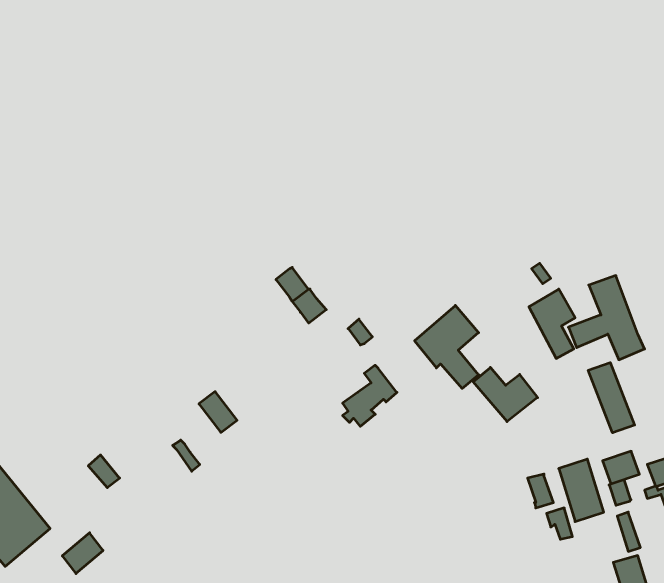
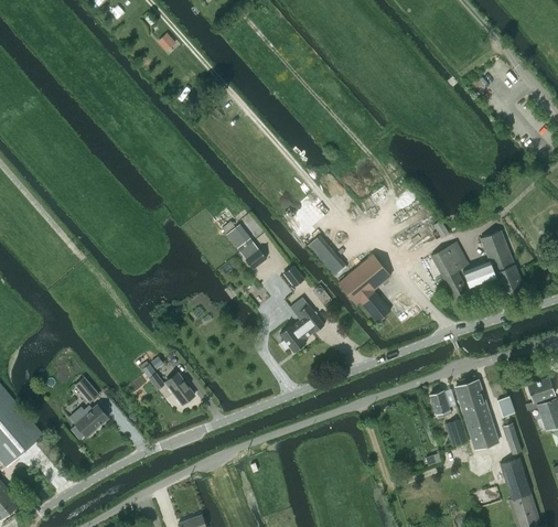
building: none -> [307,235,345,276]
building: [588,363,635,433] -> none
building: [473,367,538,422] -> none
building: [199,392,237,432] -> [164,372,195,405]
building: [603,451,639,484] -> [469,422,498,449]
building: [62,533,103,574] -> [75,404,108,437]

